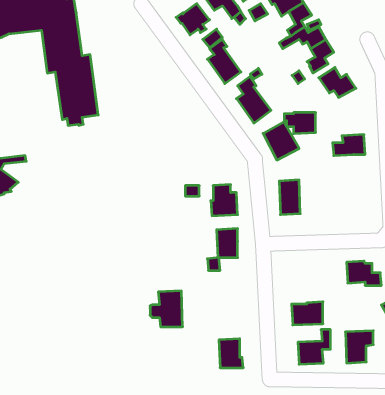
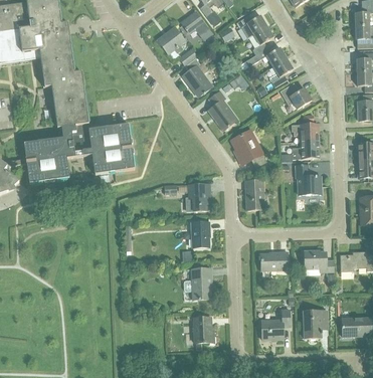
building: [284,113,316,134] -> [292,123,319,141]
building: none -> [24,123,135,182]
building: none -> [296,163,321,194]
building: [150,291,183,327] -> [184,267,212,299]
building: [292,302,323,325] -> [260,250,288,270]

